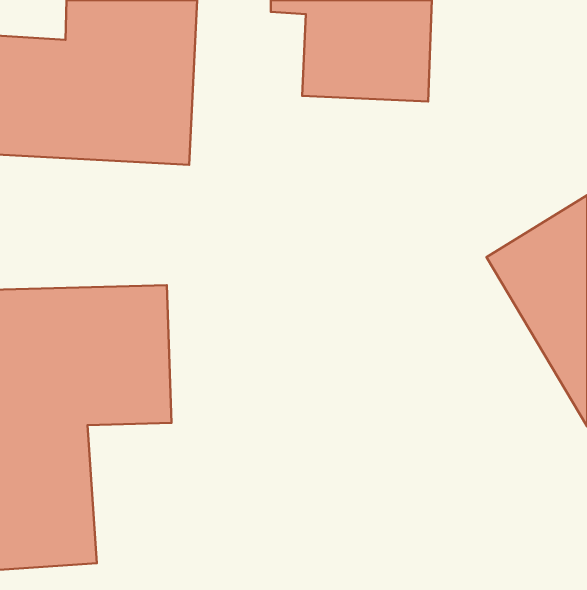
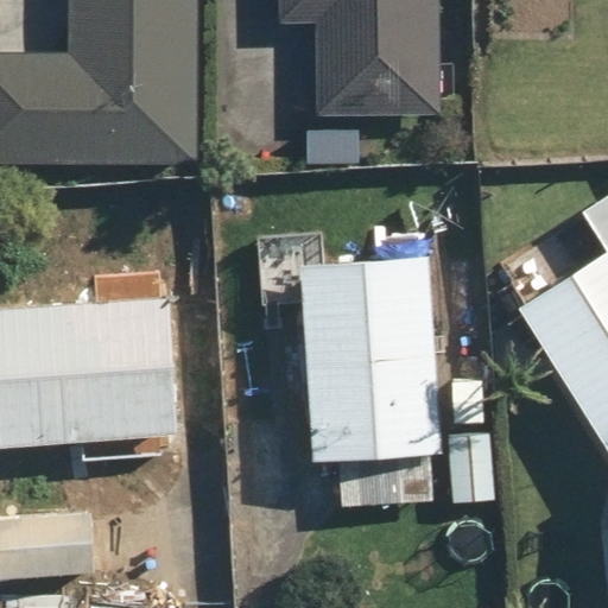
building: none -> [303,247,445,461]

